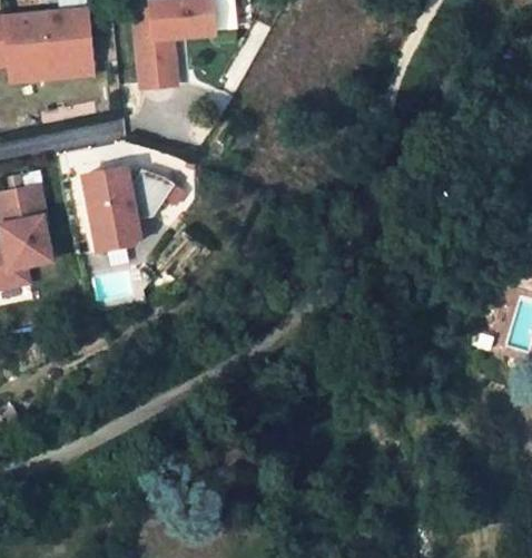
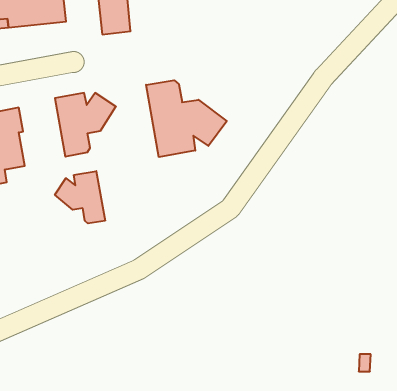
building: none -> [146,80,227,157]
building: none -> [55,171,105,223]

